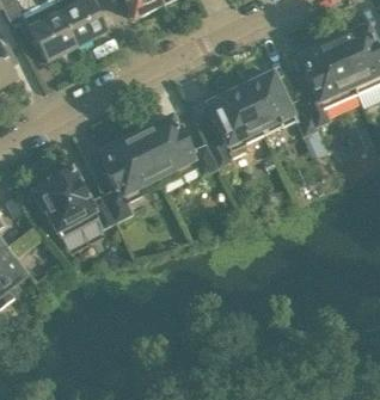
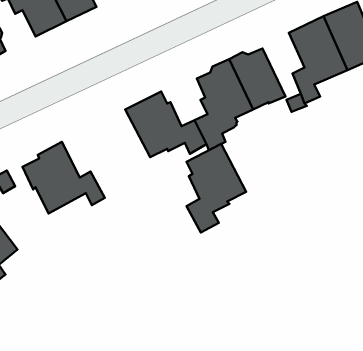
building: [100,133,160,221] -> [186,144,246,232]

